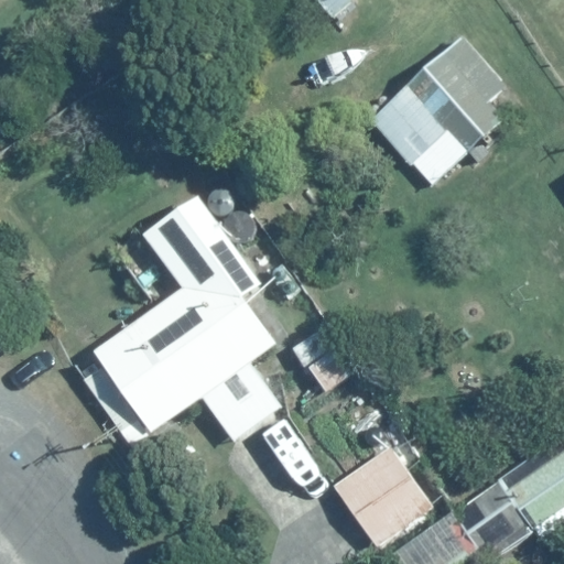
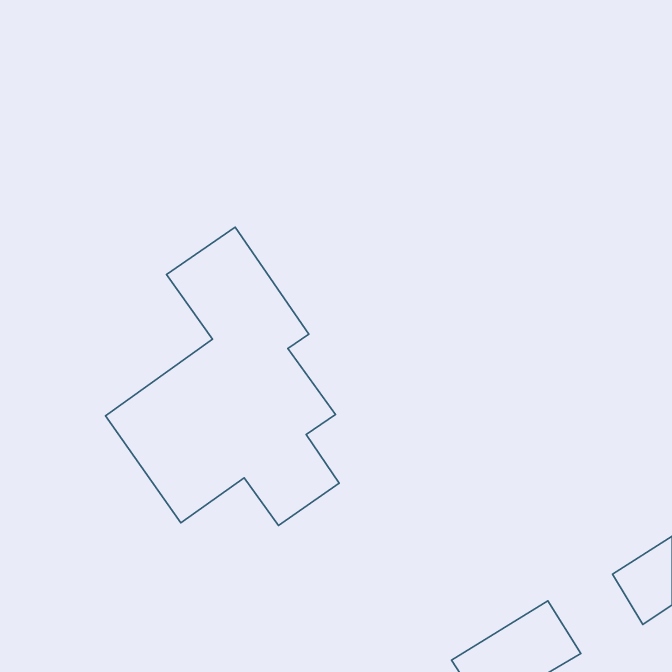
building: [367,33,525,191] -> none
building: [335,447,431,544] -> none

